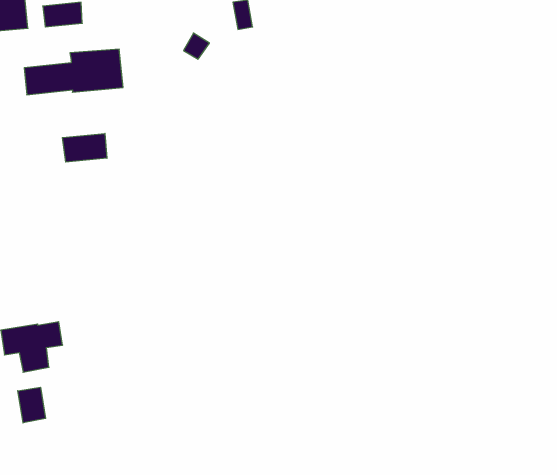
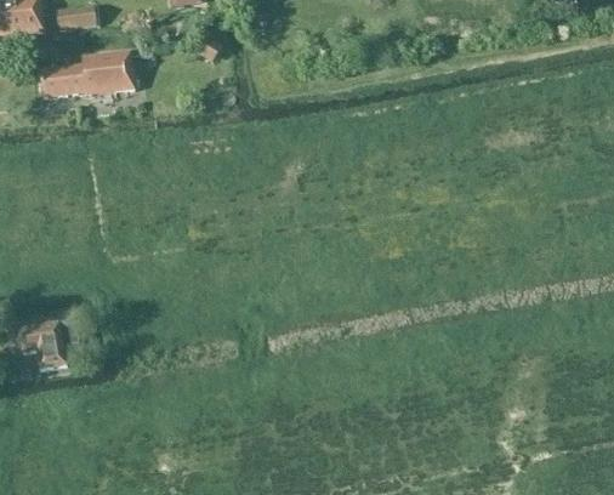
building: [62,133,107,162] -> none
building: [18,387,46,423] -> none

